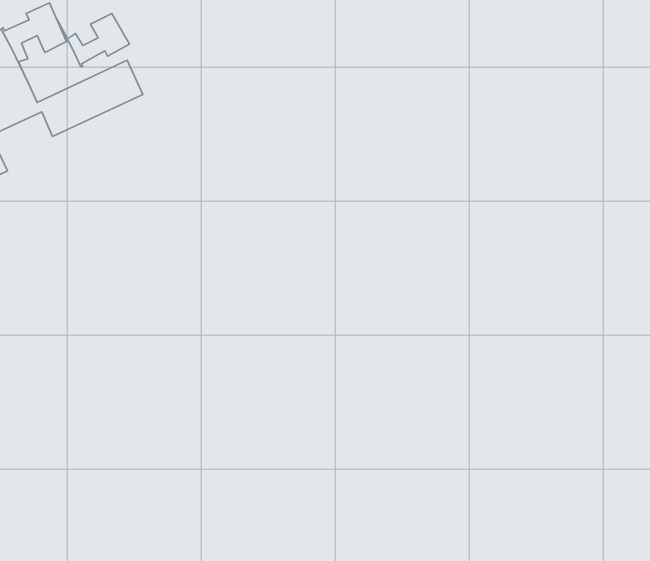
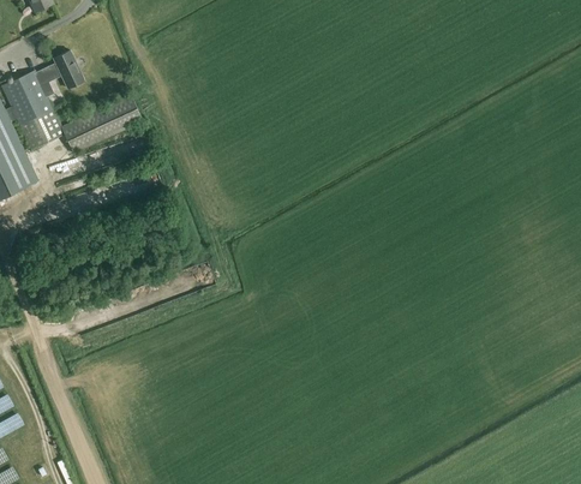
building: [56,13,130,67] -> none

